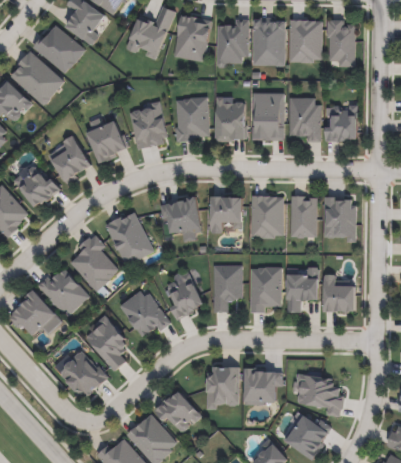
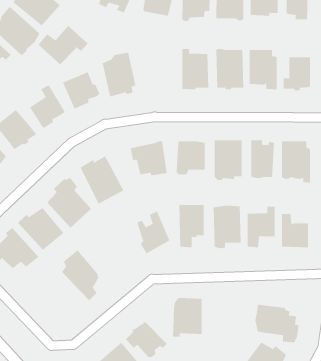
building: none -> [38,25,89,65]
building: [175,96,209,142] -> none
building: [120,291,170,336] -> none
building: [55,349,109,397] -> none
building: [245,368,282,405] -> none

